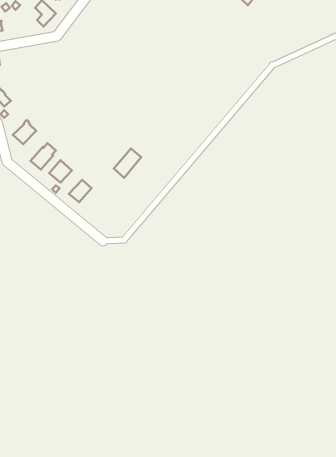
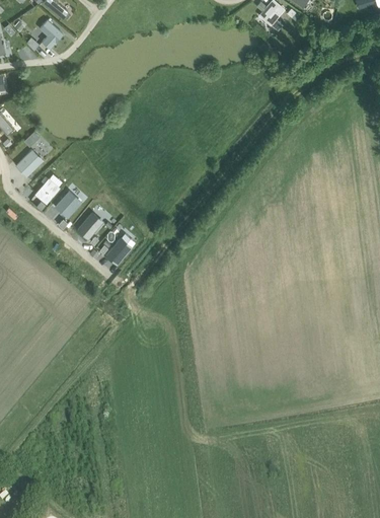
building: [114,149,141,178] -> [105,233,135,265]

